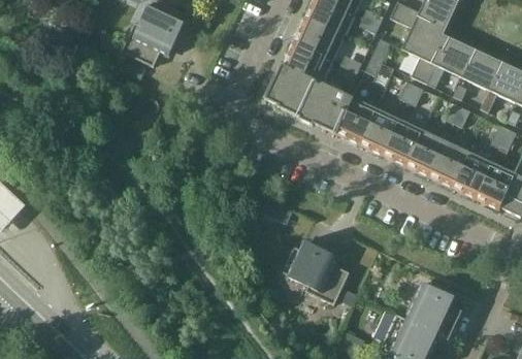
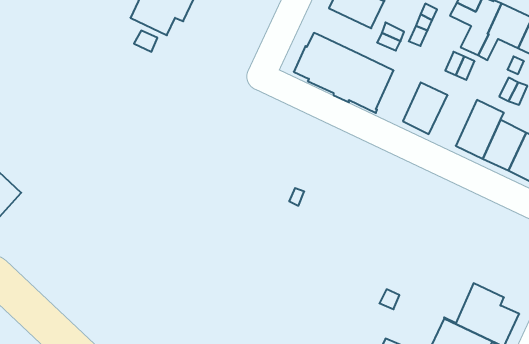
building: [285,42,332,83] -> none
building: [336,97,376,141] -> none
building: [383,111,425,163] -> none
building: [282,246,349,304] -> none

